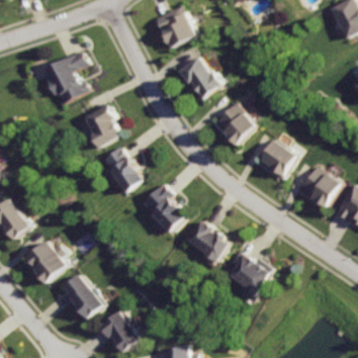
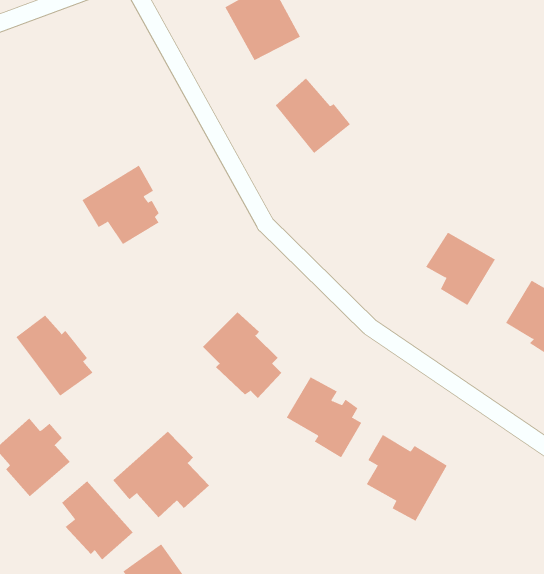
building: [41,52,85,105] -> none
building: [214,101,258,147] -> none
building: [99,148,142,192] -> [15,315,93,397]
building: none -> [113,431,210,518]

